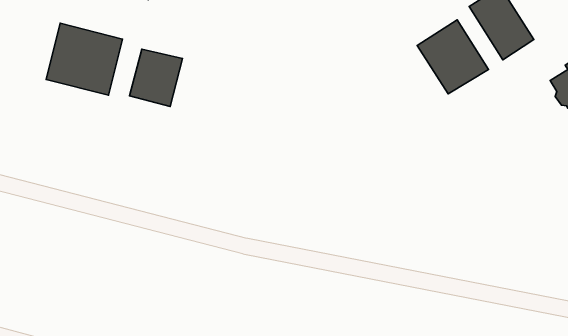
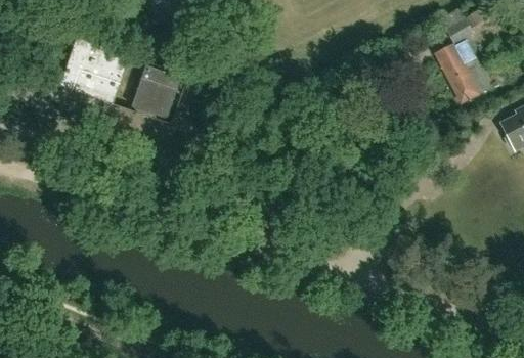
building: [417,20,488,94] -> none

